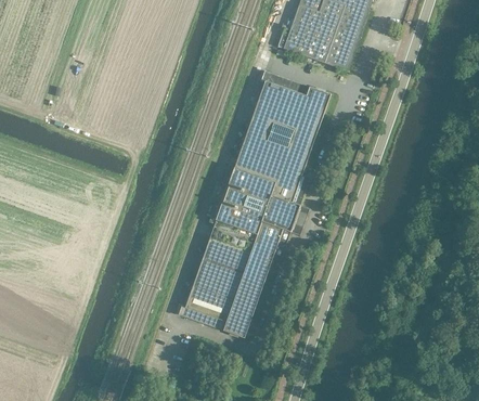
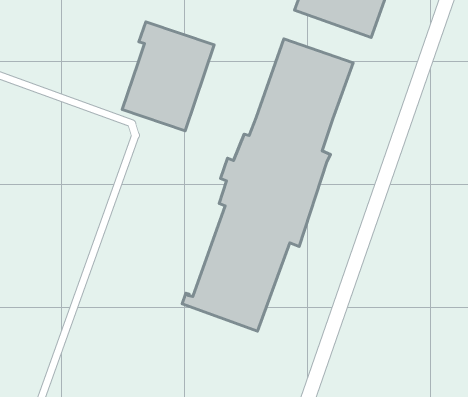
building: none -> [122,22,214,131]

